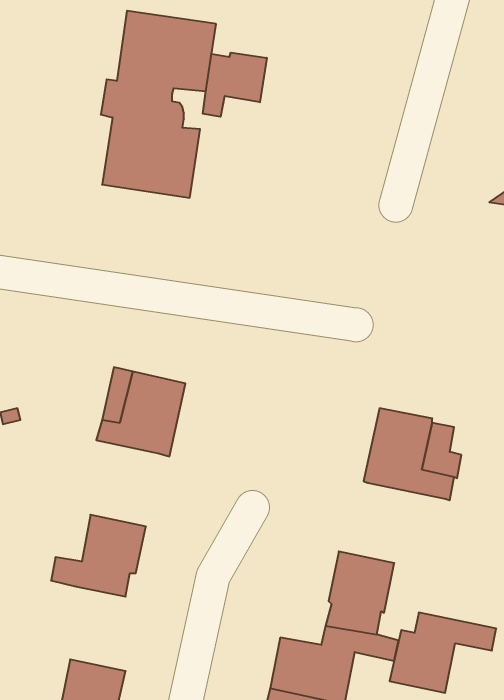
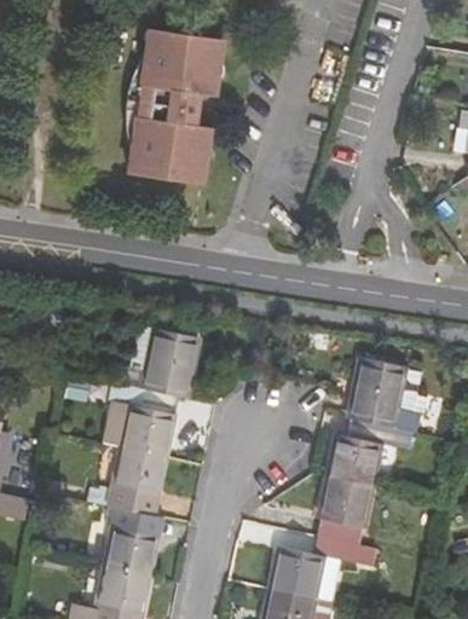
building: [203,53,267,117] -> none
building: none -> [104,381,178,456]
building: none -> [104,505,158,575]
building: [390,613,496,693] -> [327,420,415,486]

